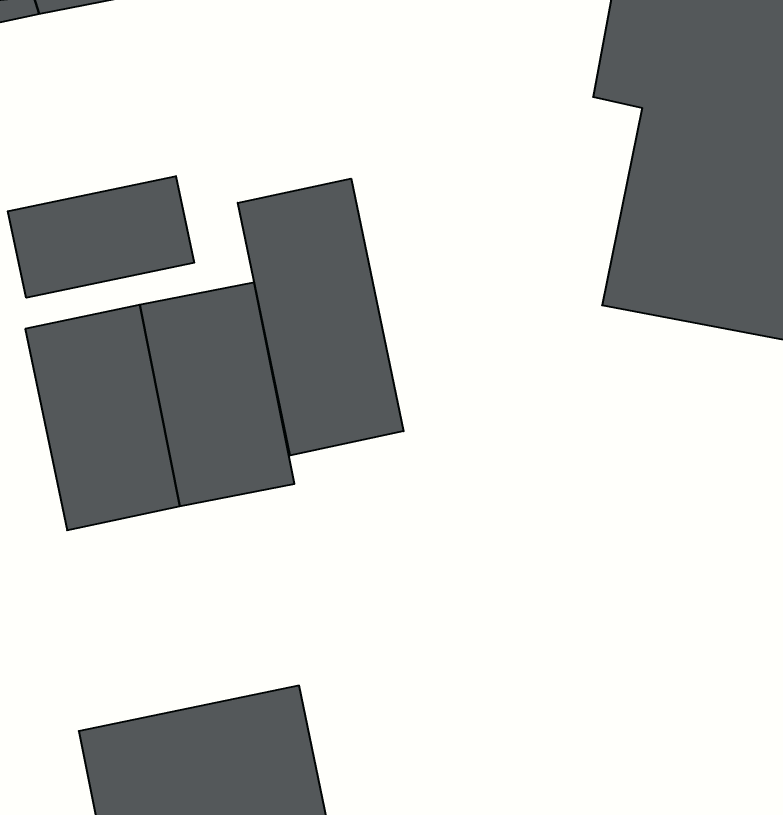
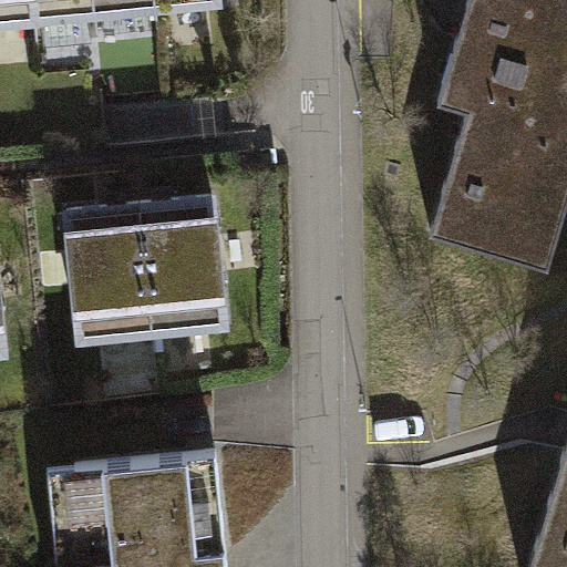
building: [8,176,194,298] -> none
building: [238,179,404,455] -> none

